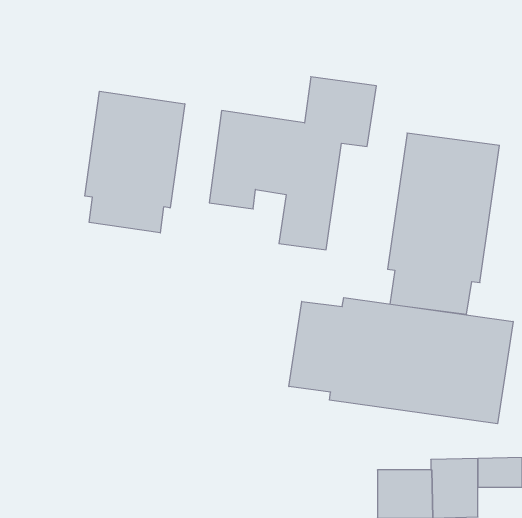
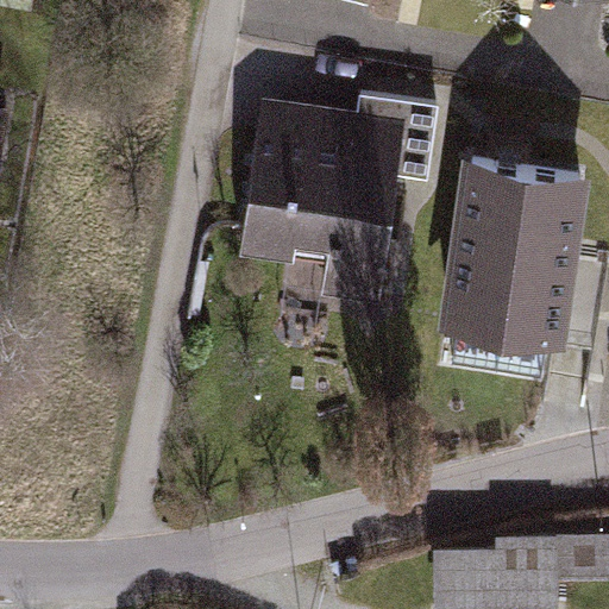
building: [85,91,185,233] -> none
building: [289,298,513,424] -> none

